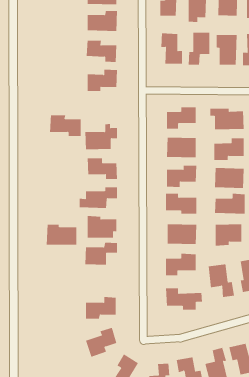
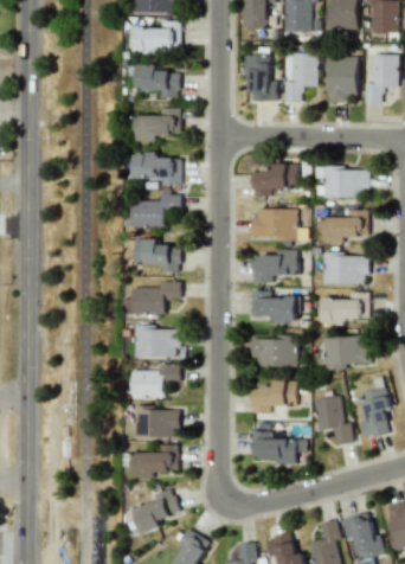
building: [49,115,81,136] -> [133,153,180,185]
building: [46,224,77,245] -> [133,406,179,437]

